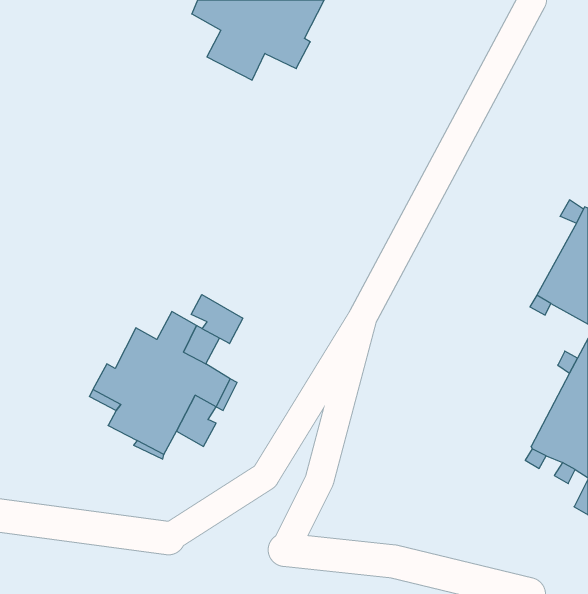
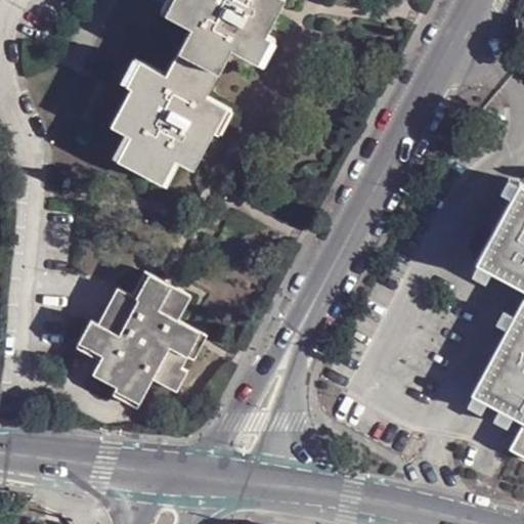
building: none -> [114,50,229,183]
building: [191,295,243,344] -> none

